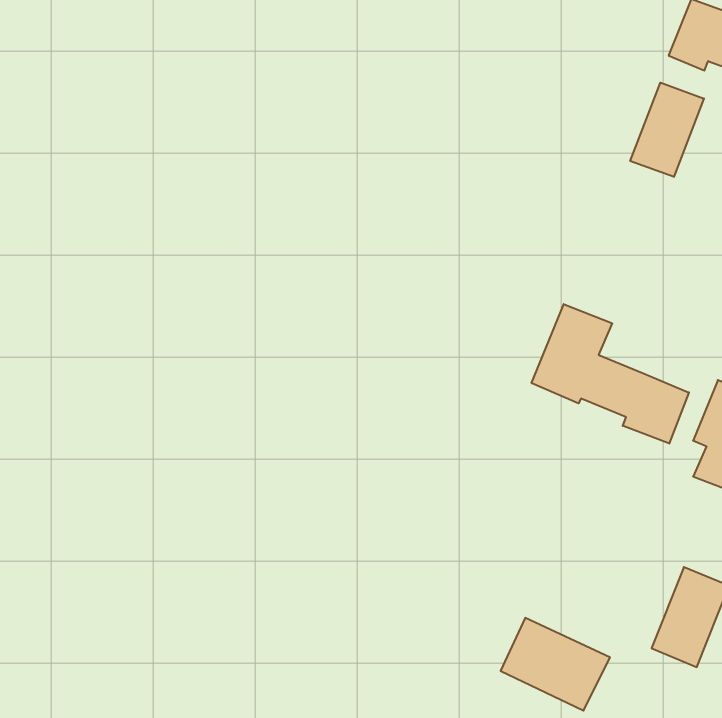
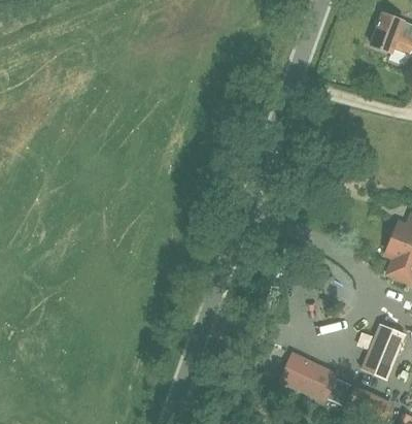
building: [630,83,704,177] -> none
building: [532,304,689,444] -> none

